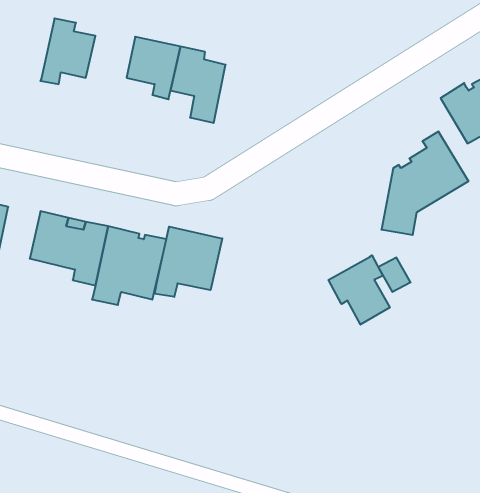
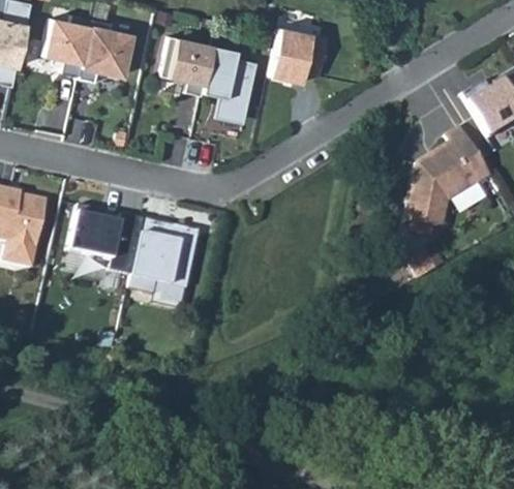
building: none -> [43,16,91,77]
building: none -> [269,29,328,85]
building: [155,227,222,297] -> none
building: [328,255,390,325] -> none

